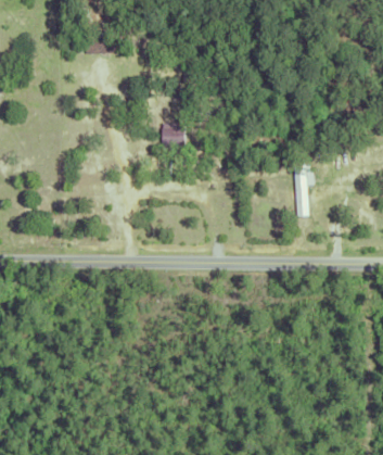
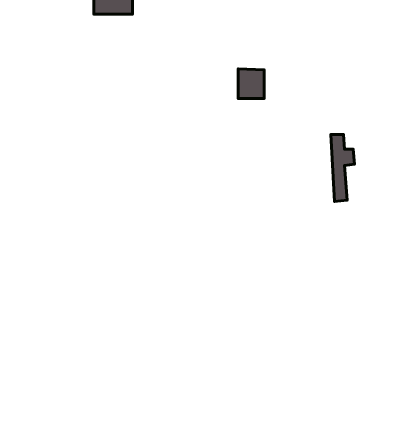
building: [162,123,184,149] -> [238,69,264,98]

